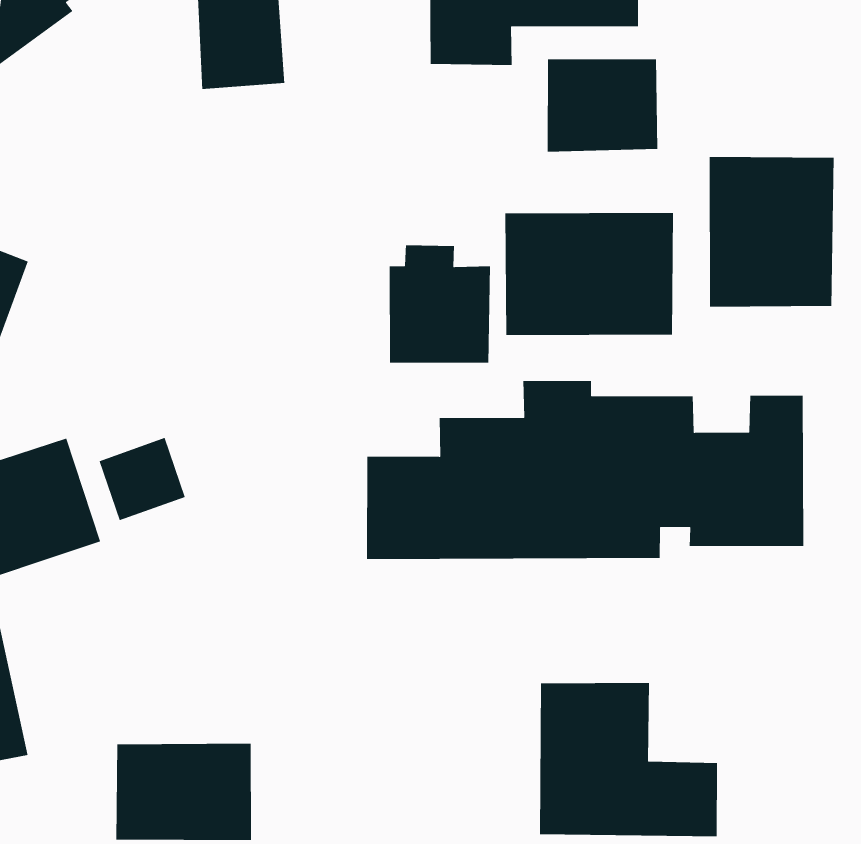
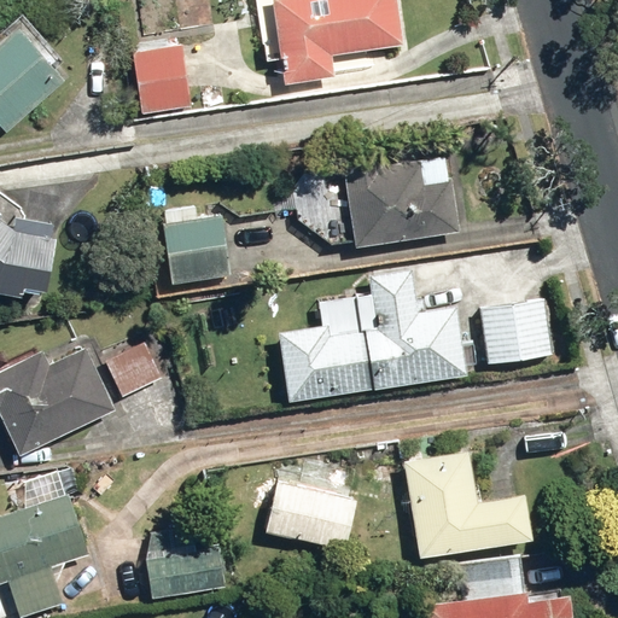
building: [547,59,658,152] -> none
building: [709,156,834,307] -> none
building: [389,244,491,364] -> [159,206,231,286]
building: none -> [262,465,360,550]

